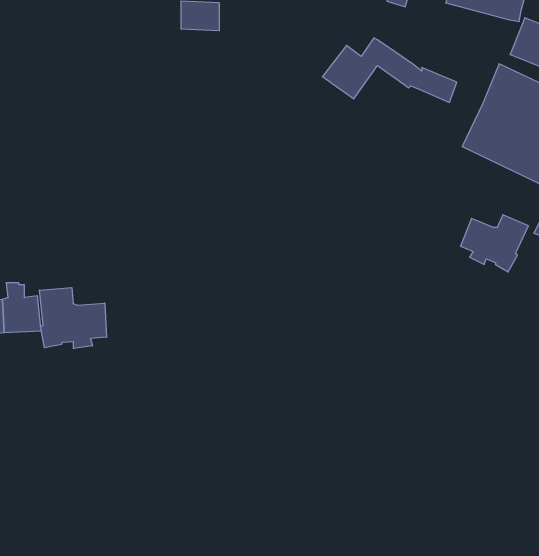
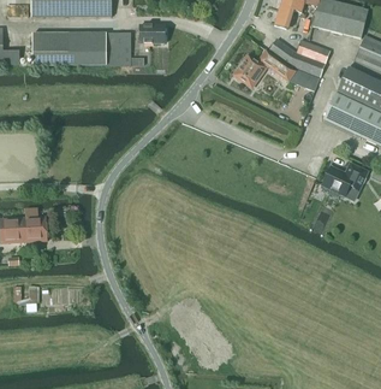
building: none -> [31,33,131,65]
building: none -> [268,39,329,77]
building: [39,288,107,349] -> none

